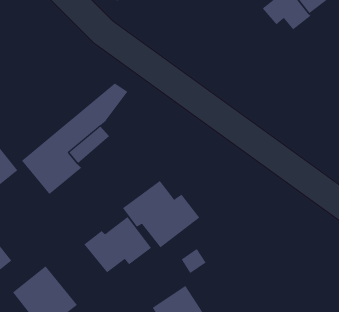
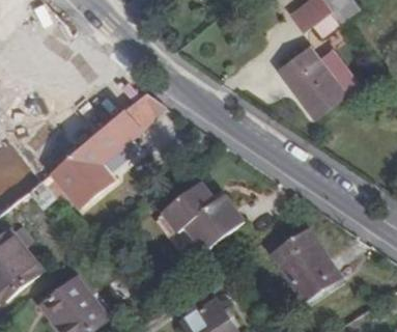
building: none -> [281,50,347,119]
building: [83,216,152,273] -> none
building: none -> [270,232,335,304]

